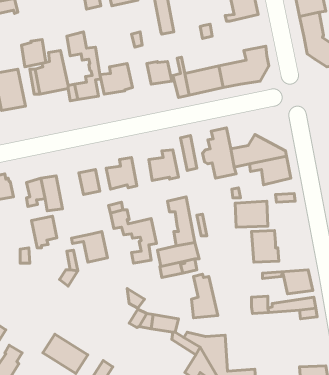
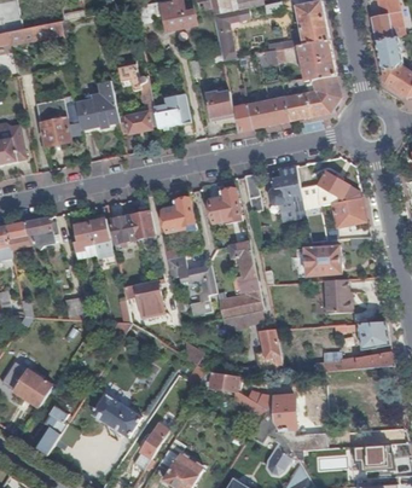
building: none -> [298,39,338,80]
building: [21,39,46,67] -> none
building: [32,216,57,248] -> [109,214,137,249]

